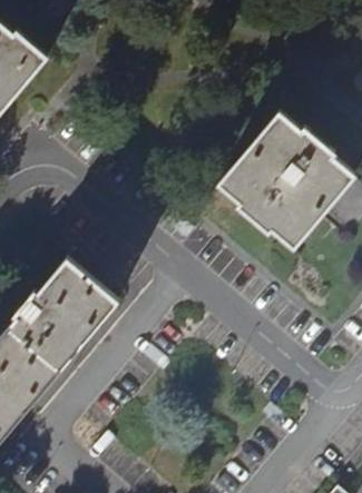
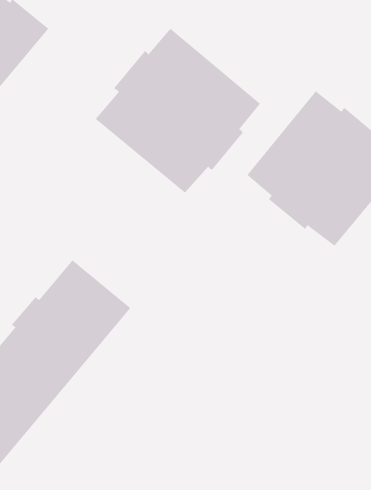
building: none -> [95,28,261,193]

